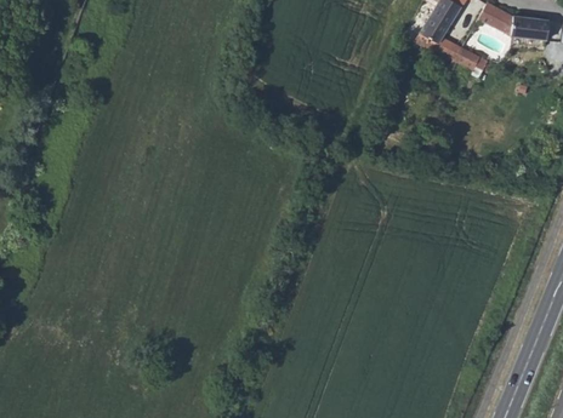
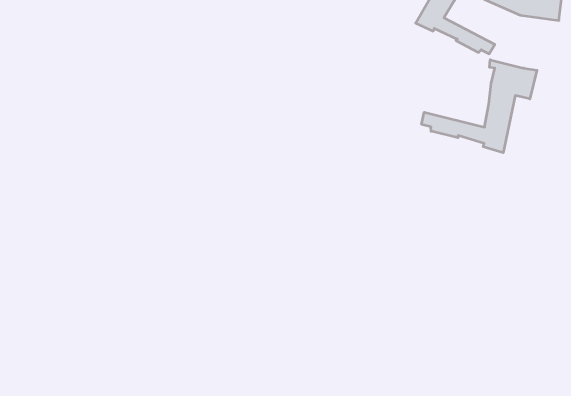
building: none -> [422,60,537,153]

